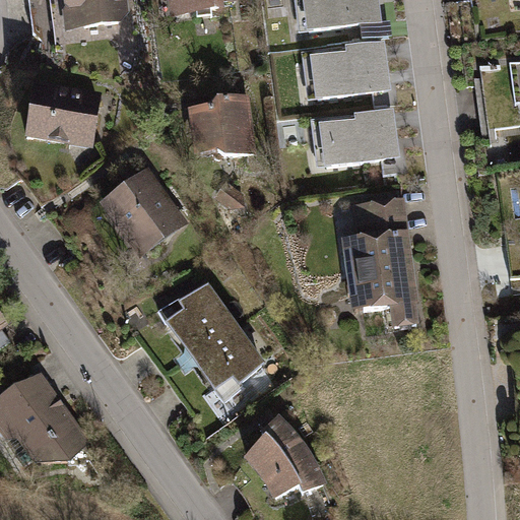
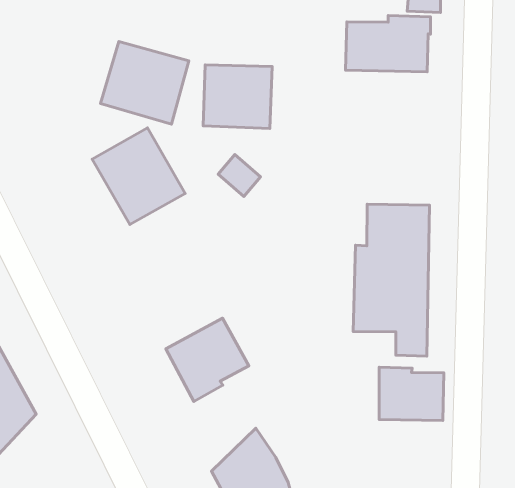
building: [27,82,100,148] -> [101,41,189,124]
building: [317,100,394,158] -> none
building: [156,283,237,359] -> none
building: none -> [379,367,444,420]

